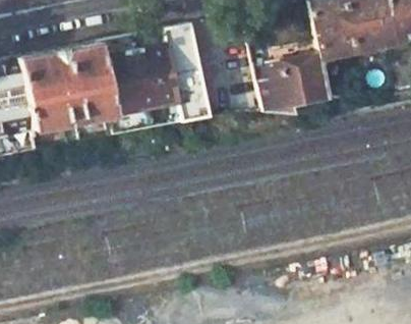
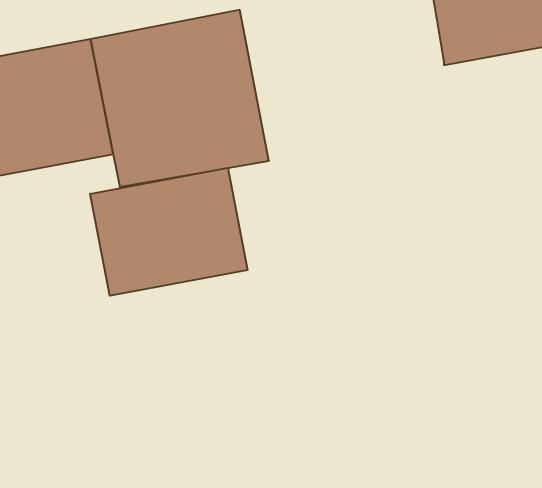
building: [255,56,326,120] -> none
building: none -> [90,168,248,296]

